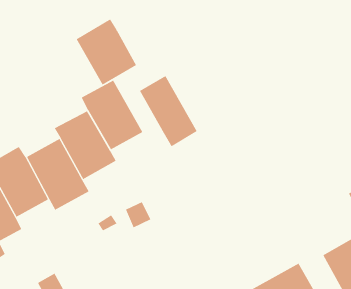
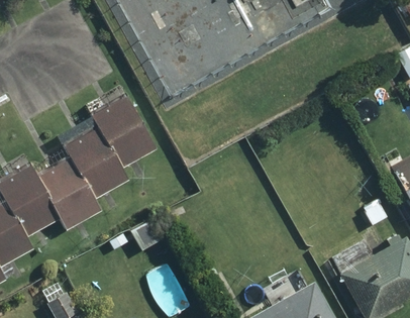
building: [76,19,137,86] -> none
building: [139,75,198,147] -> none

